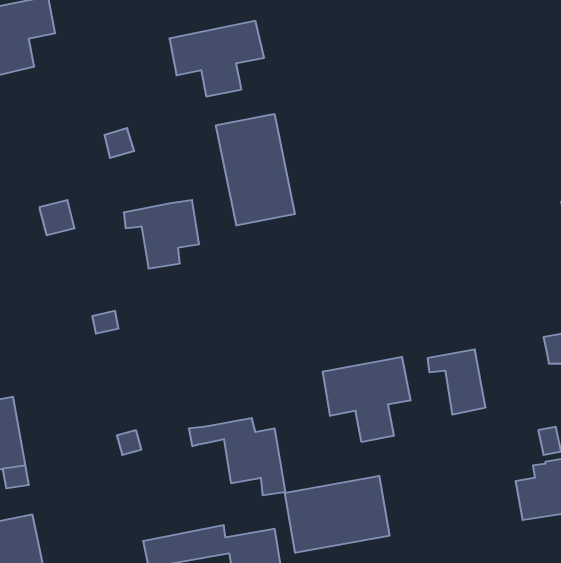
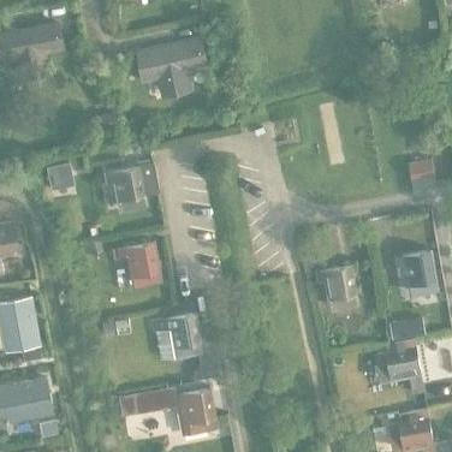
building: [216,114,295,226] -> none
building: none -> [119,242,160,286]
building: [323,357,410,442] -> none
building: [285,476,390,553] -> none

